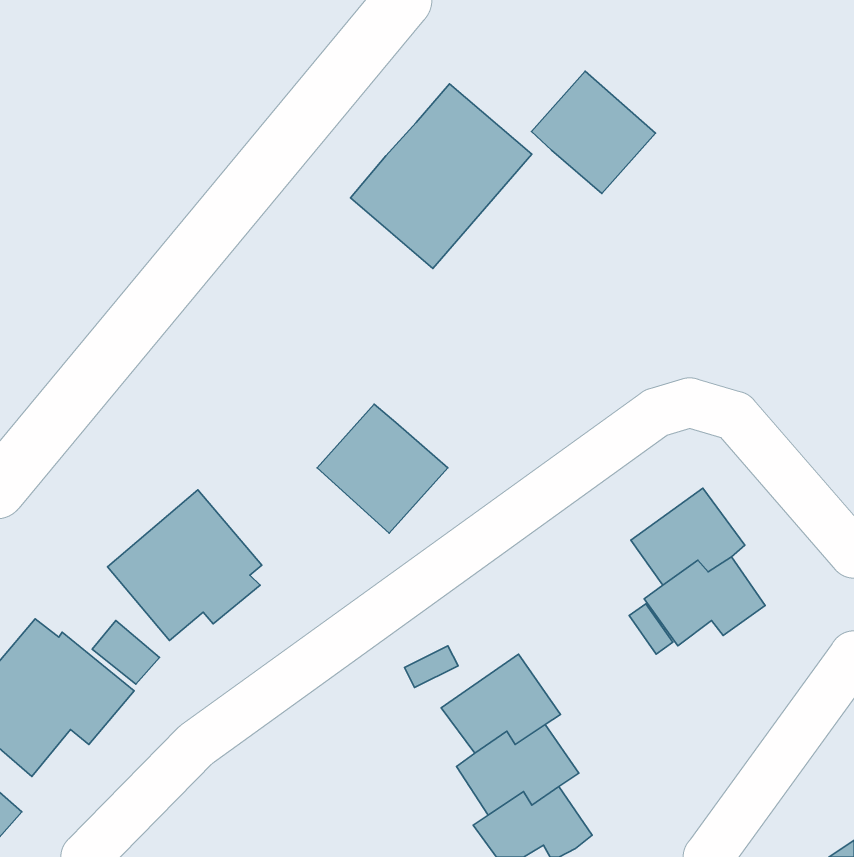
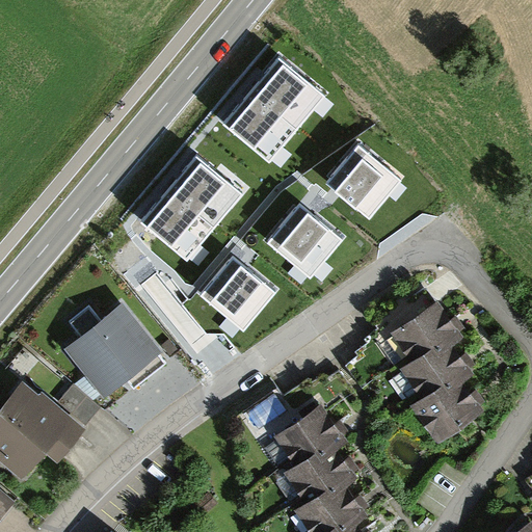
building: [531,71,656,194] -> [322,141,399,217]
building: none -> [136,150,244,261]
building: none -> [265,198,343,275]
building: none -> [410,383,482,444]

